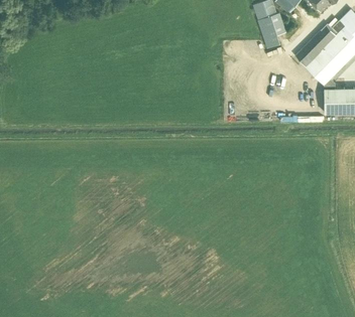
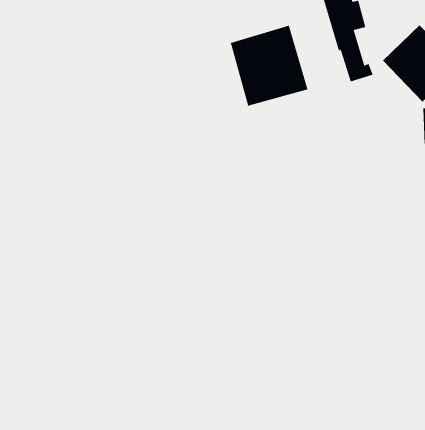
building: none -> [230,25,308,106]

